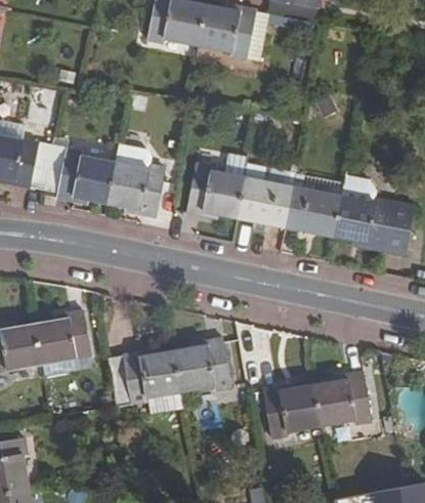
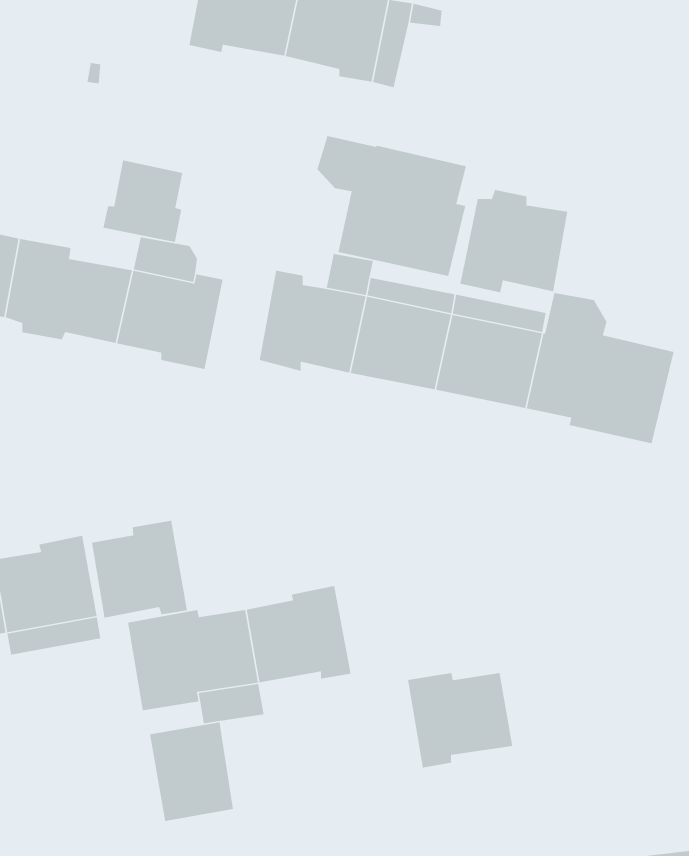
building: none -> [316,135,467,277]
building: none -> [102,160,183,243]
building: none -> [460,189,568,293]
building: none -> [91,520,188,618]
building: [315,372,374,426] -> none
building: none -> [149,722,234,822]

